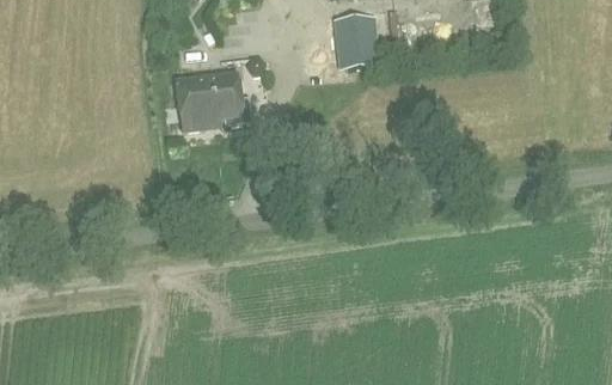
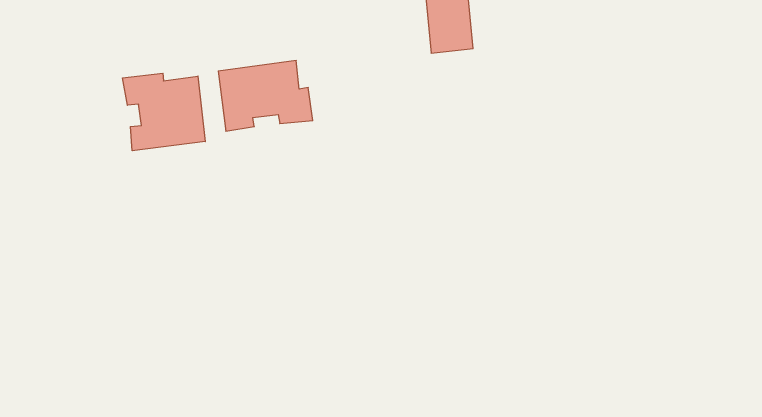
building: none -> [123,73,205,151]

